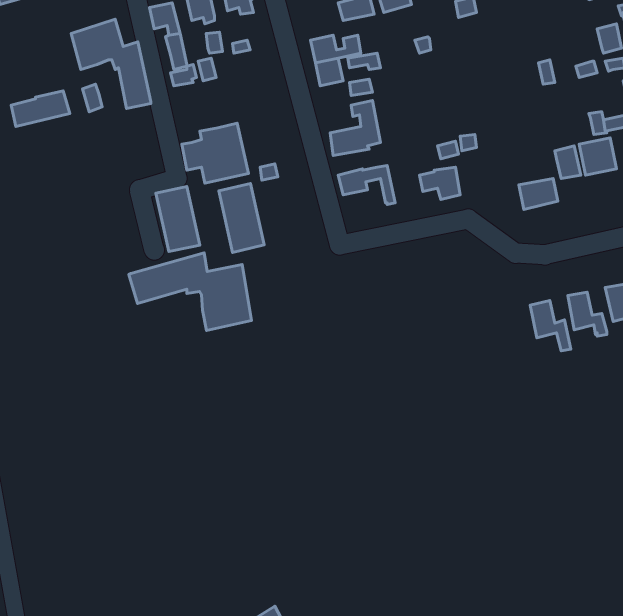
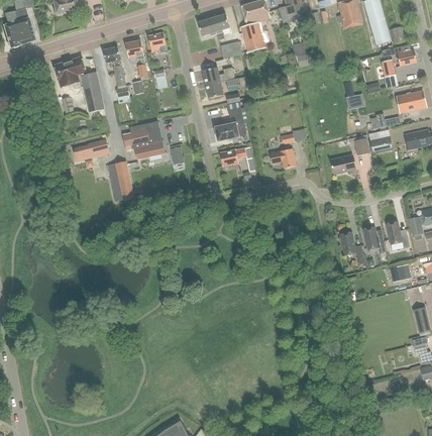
building: [11,91,70,126] -> [72,139,108,161]
building: [219,184,264,252] -> none
building: [129,253,251,330] -> none

